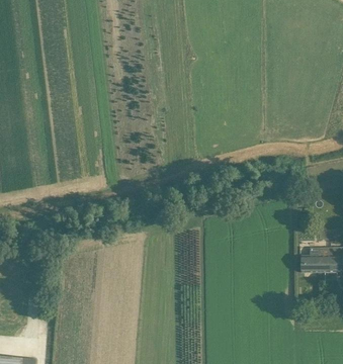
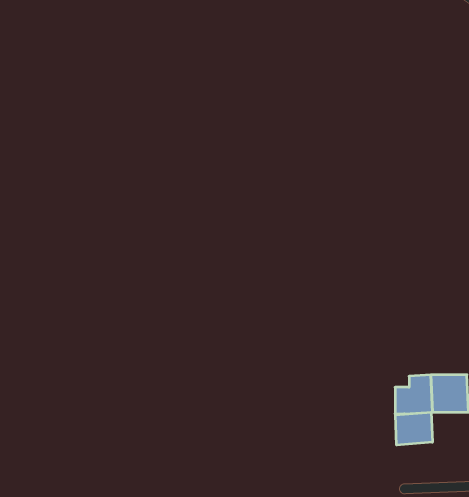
building: none -> [395,412,432,445]

